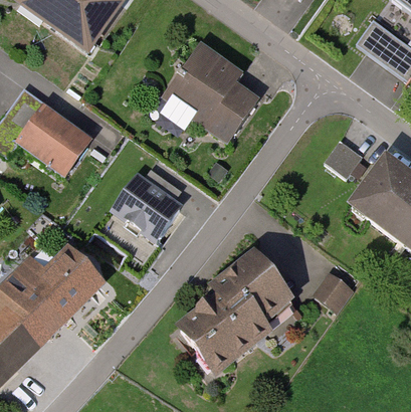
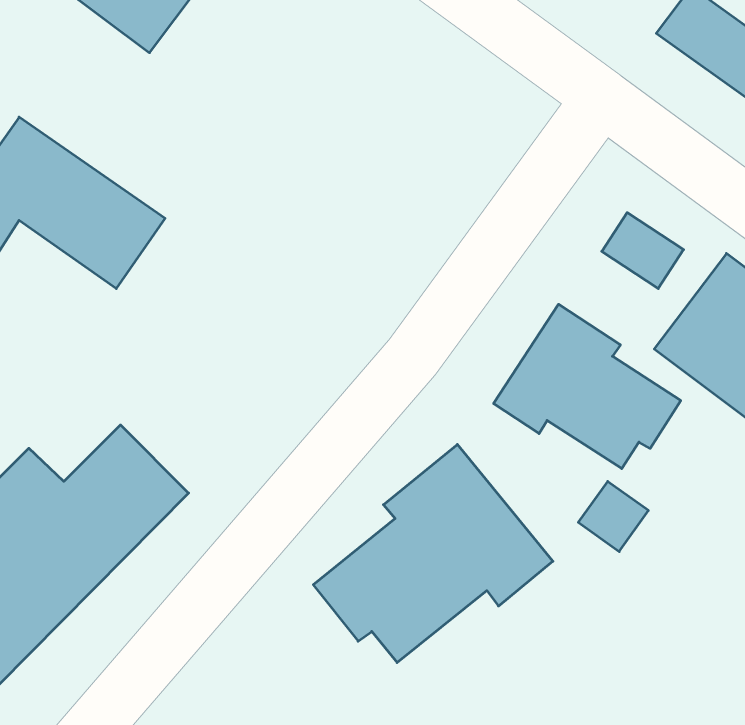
building: [166,40,262,139] -> none
building: [109,175,186,246] -> none
building: none -> [494,304,681,469]

